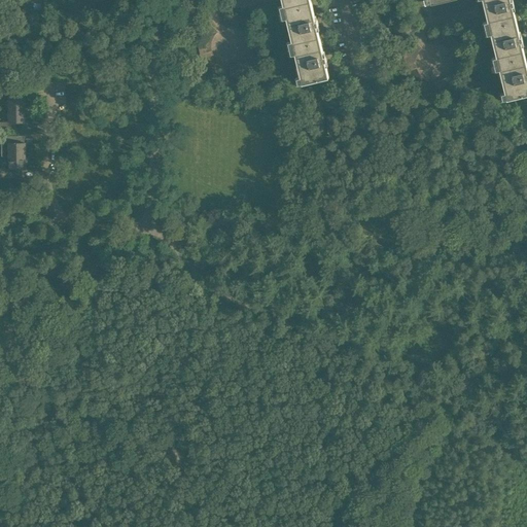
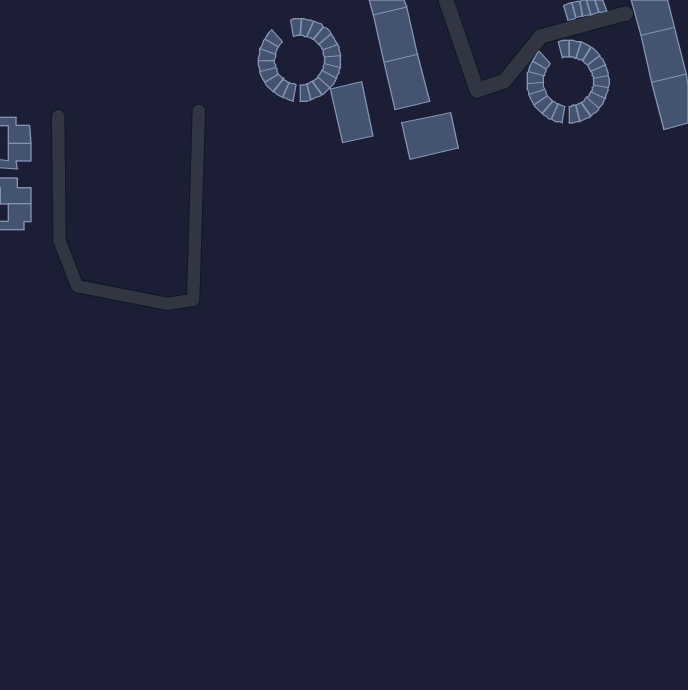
building: none -> [330,82,373,143]
building: none -> [402,113,458,159]

